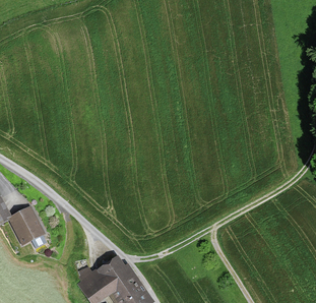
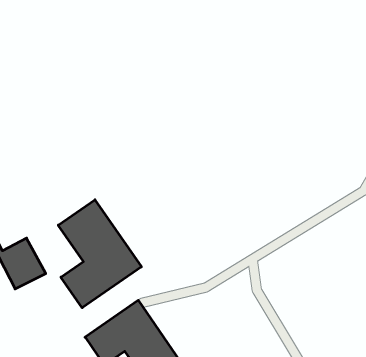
building: none -> [58,200,141,308]

